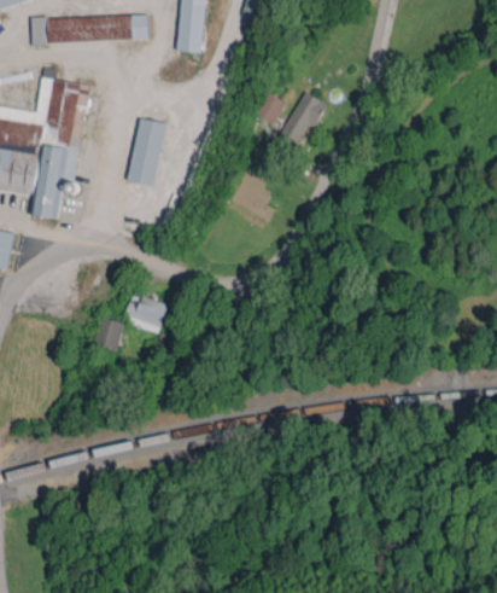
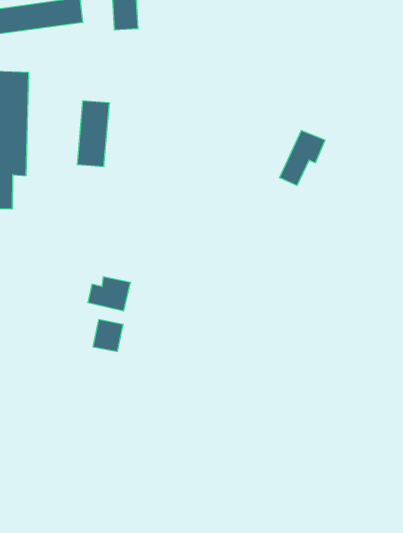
building: [252,91,285,124] -> none
building: [276,92,326,146] -> [279,131,325,185]
building: [92,316,124,350] -> [93,320,123,352]

